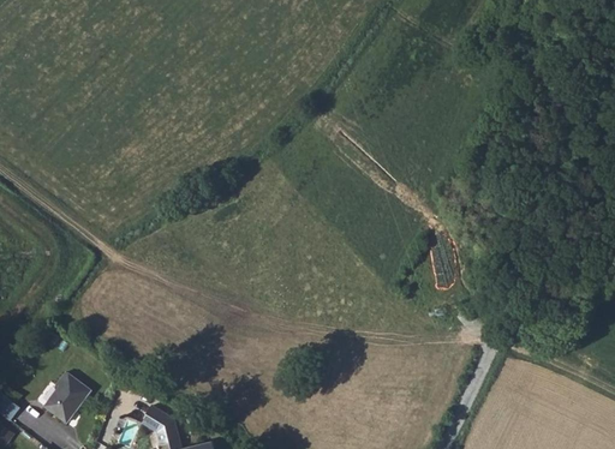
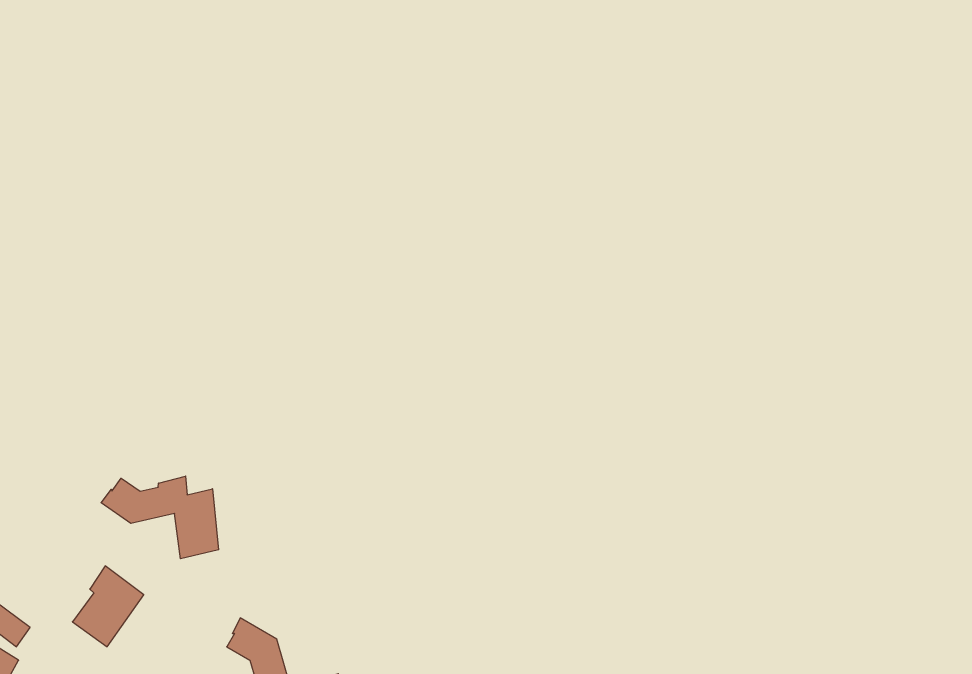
building: none -> [101,476,219,559]

